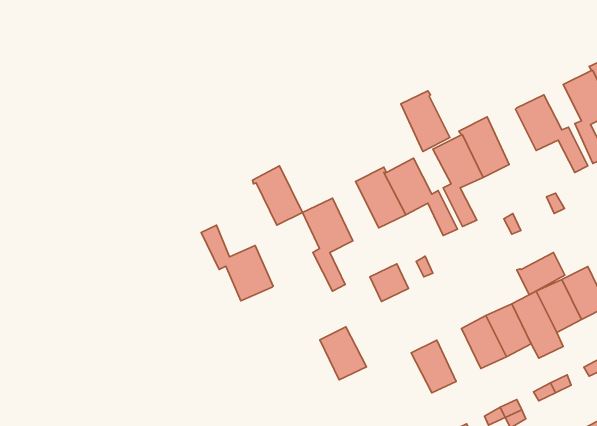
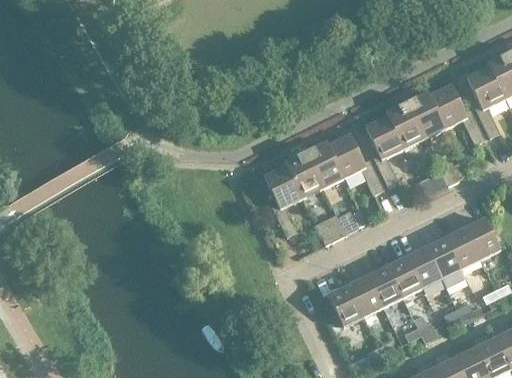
building: [401,91,450,152] -> [407,92,445,139]
building: [252,166,303,225] -> [284,152,323,198]
building: [201,225,273,301] -> none
building: [517,253,565,295] -> none
building: [320,327,366,380] -> [328,285,364,326]
building: none -> [368,266,402,307]

